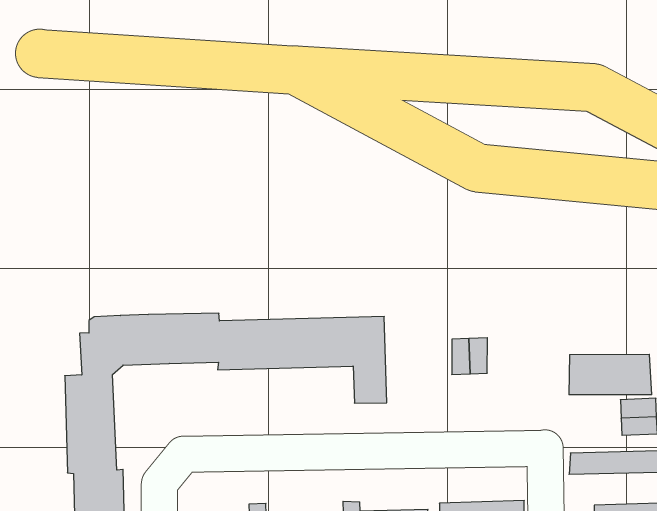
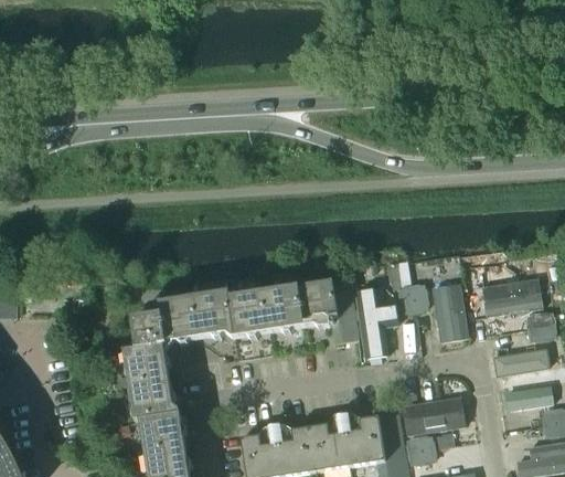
building: none -> [359,294,388,358]
building: none -> [443,284,471,343]

